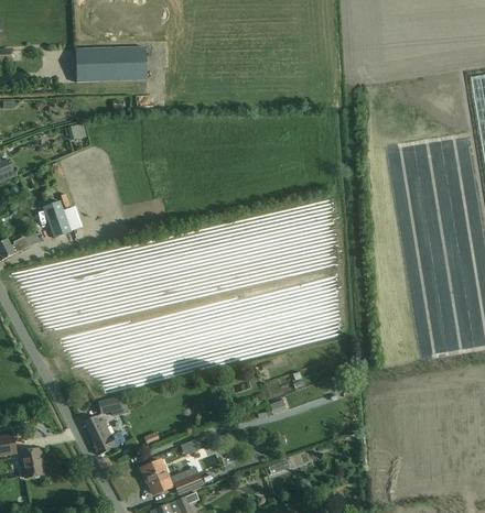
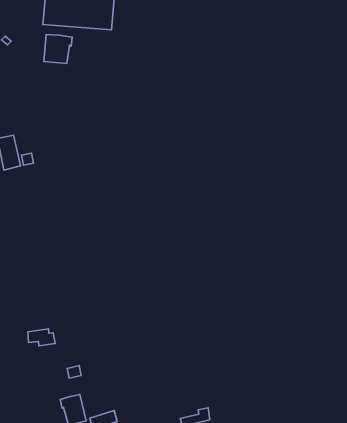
building: none -> [44,35,72,63]
building: [84,415,126,454] -> none

